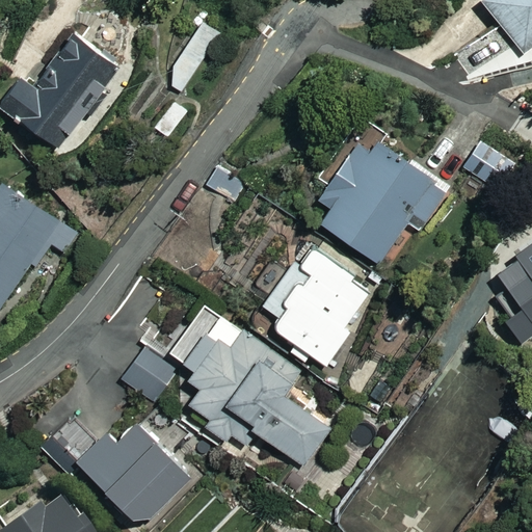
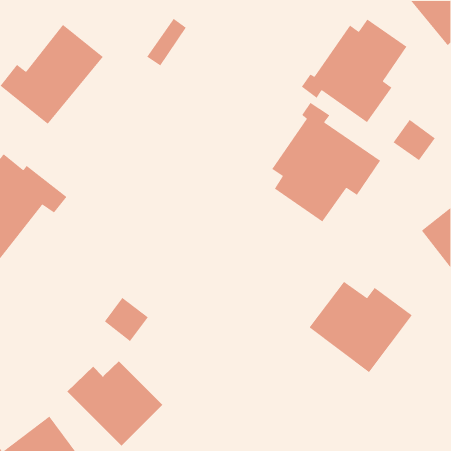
building: none -> [301,19,407,123]
building: [263,244,377,367] -> none
building: [169,305,329,466] -> none
building: none -> [309,281,413,373]

